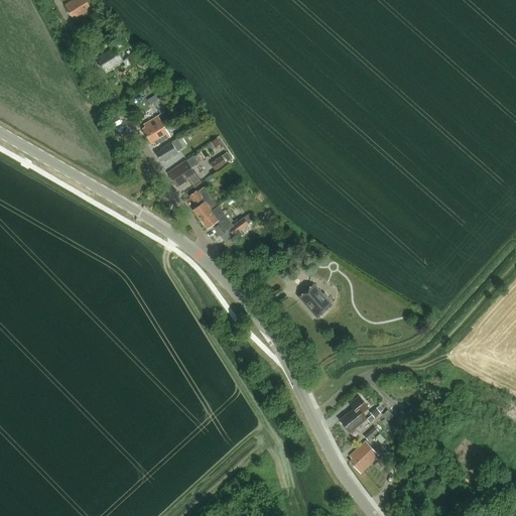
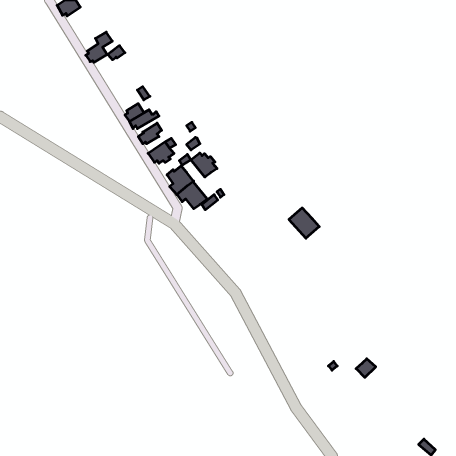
building: none -> [191,153,217,177]
building: [297,283,332,317] -> [289,208,319,238]
building: [340,396,367,431] -> none
building: [349,441,378,473] -> none

